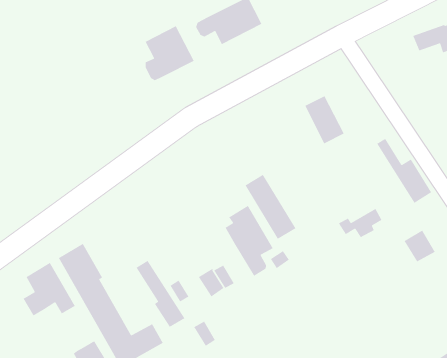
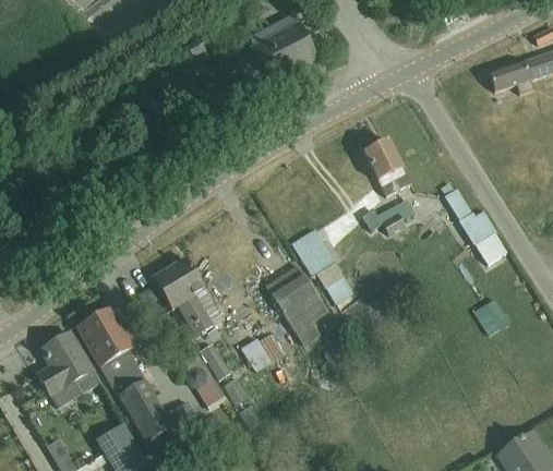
building: [145,25,195,81] -> none
building: none -> [152,255,215,333]
building: [338,208,382,238] -> [362,200,413,234]

